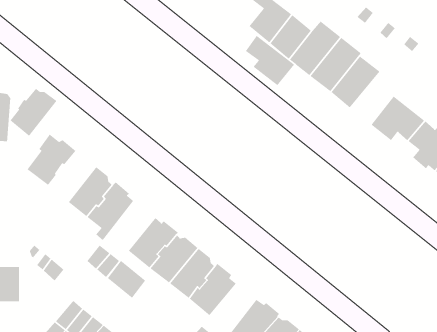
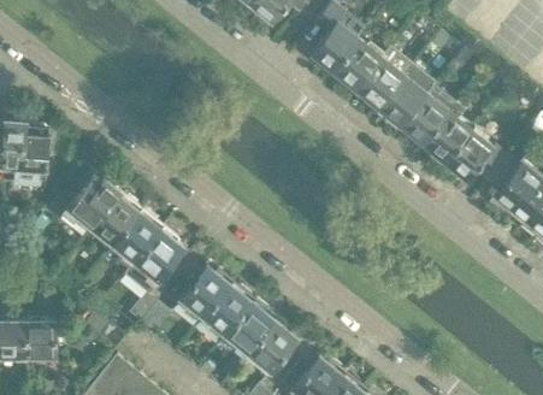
building: [245,35,295,86] -> none
building: none -> [423,104,471,163]
building: [10,88,58,137] -> [89,194,142,248]
building: [107,260,146,299] -> none

